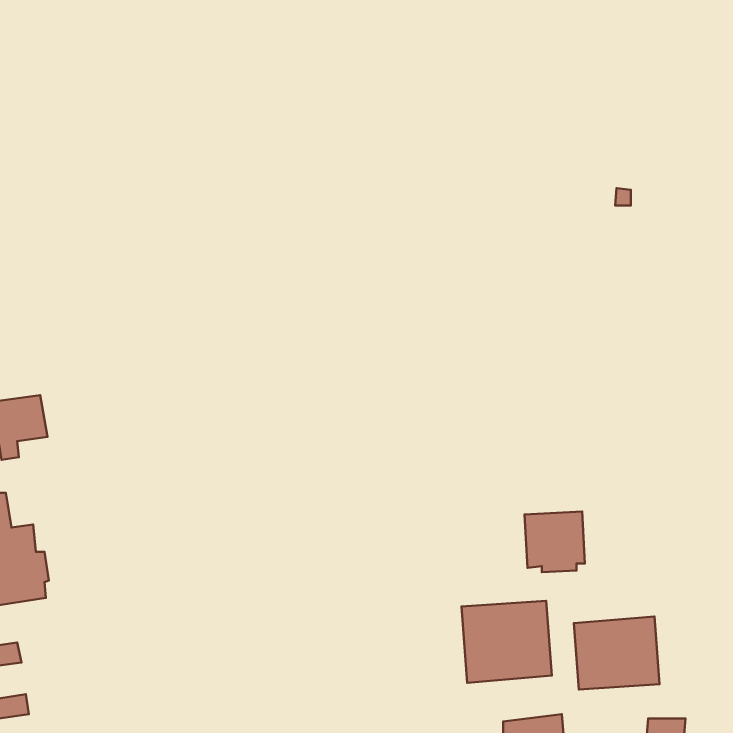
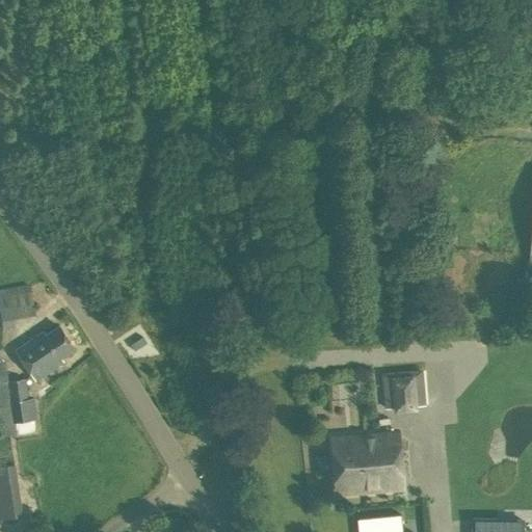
building: none -> [12,326,71,380]
building: [574,616,660,689] -> none

